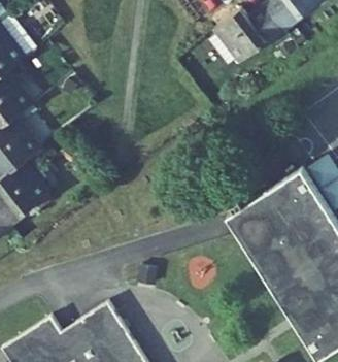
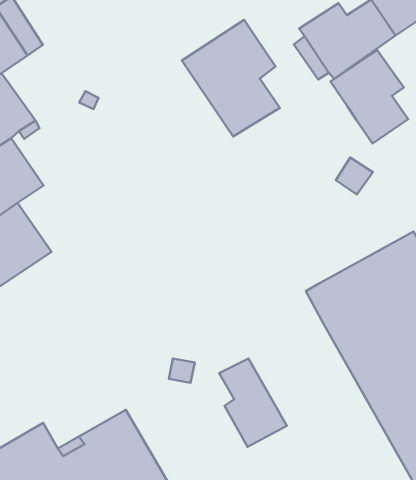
building: none -> [182,20,280,137]
building: none -> [331,50,408,143]
building: none -> [219,359,287,447]

